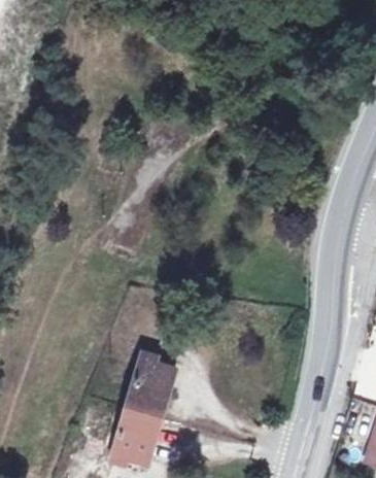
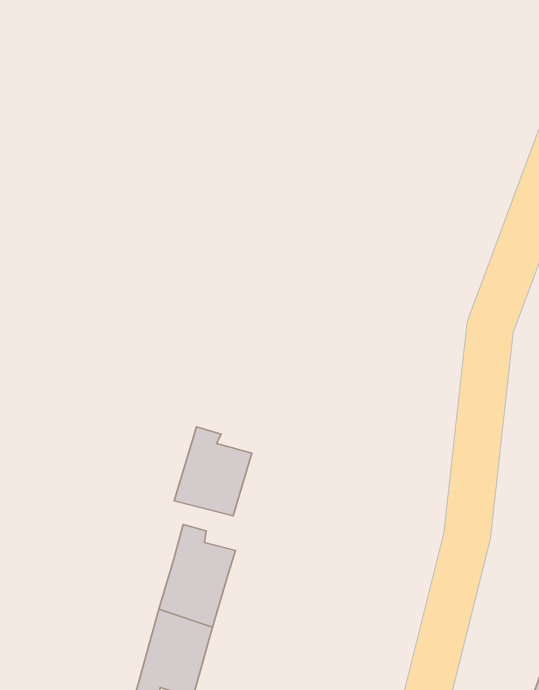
building: none -> [174,427,252,516]

